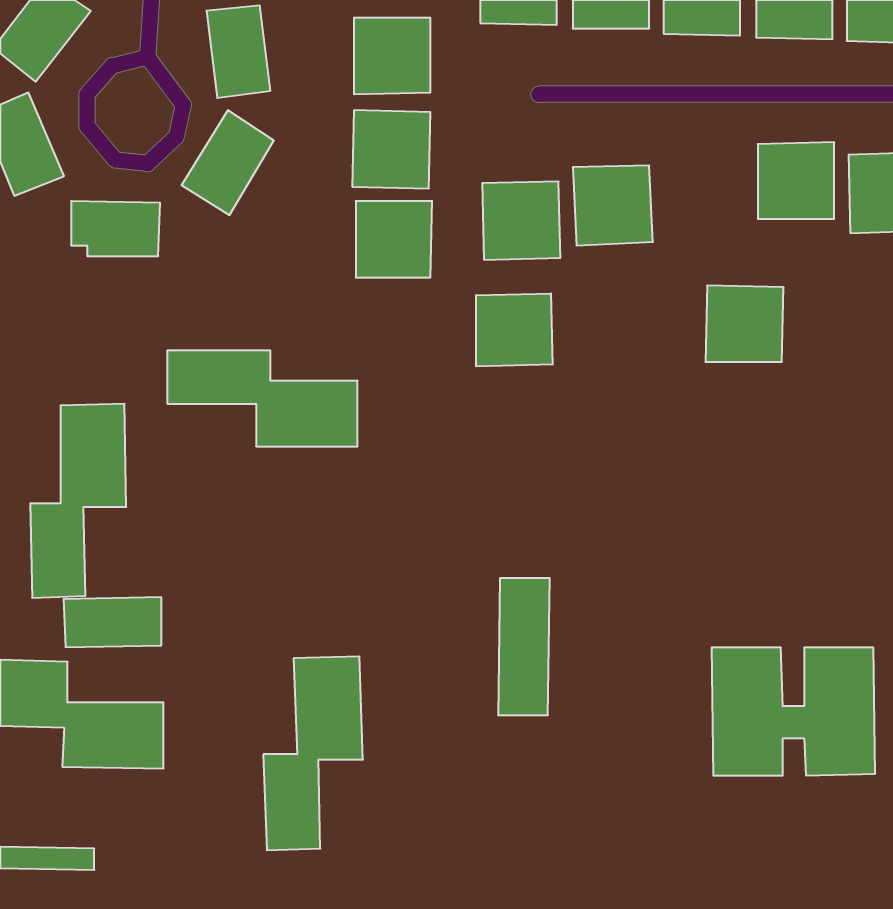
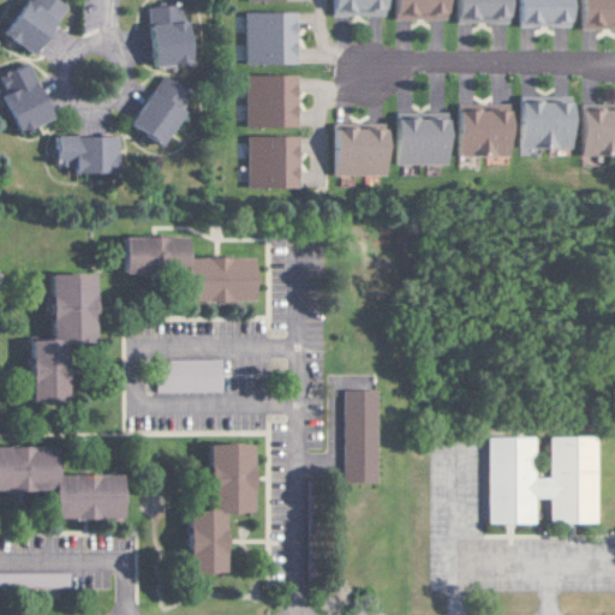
building: [705,285,784,362] -> [460,103,513,155]
building: [476,293,553,366] -> none
building: [64,597,161,647] -> [161,359,227,393]

